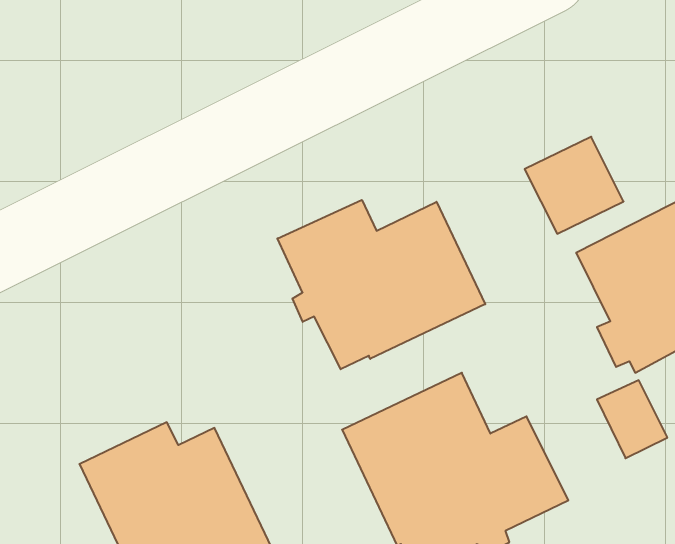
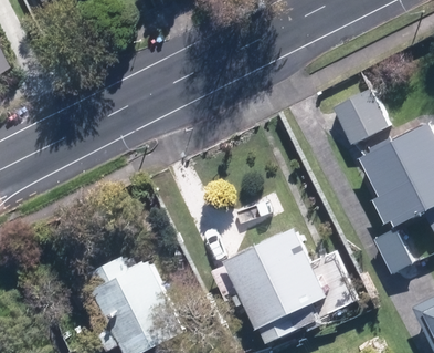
building: [277,200,485,369] -> none

